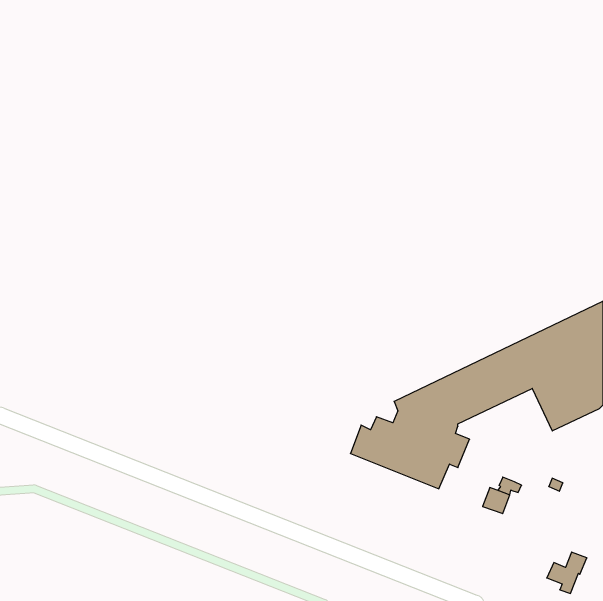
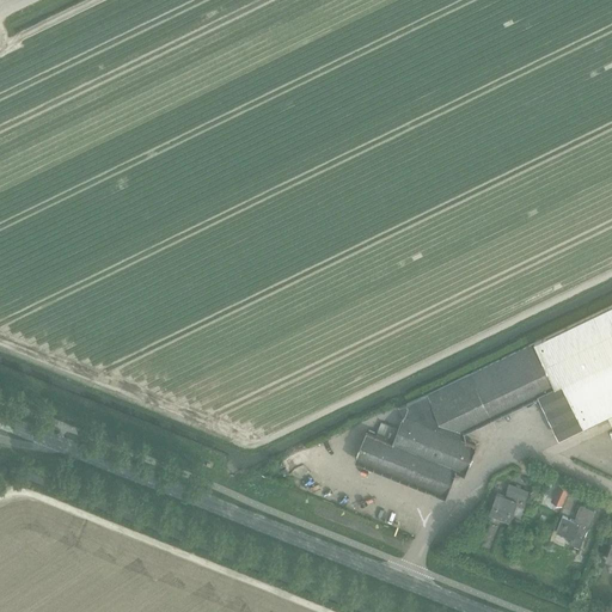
building: [547,552,587,593] -> [555,508,595,550]

